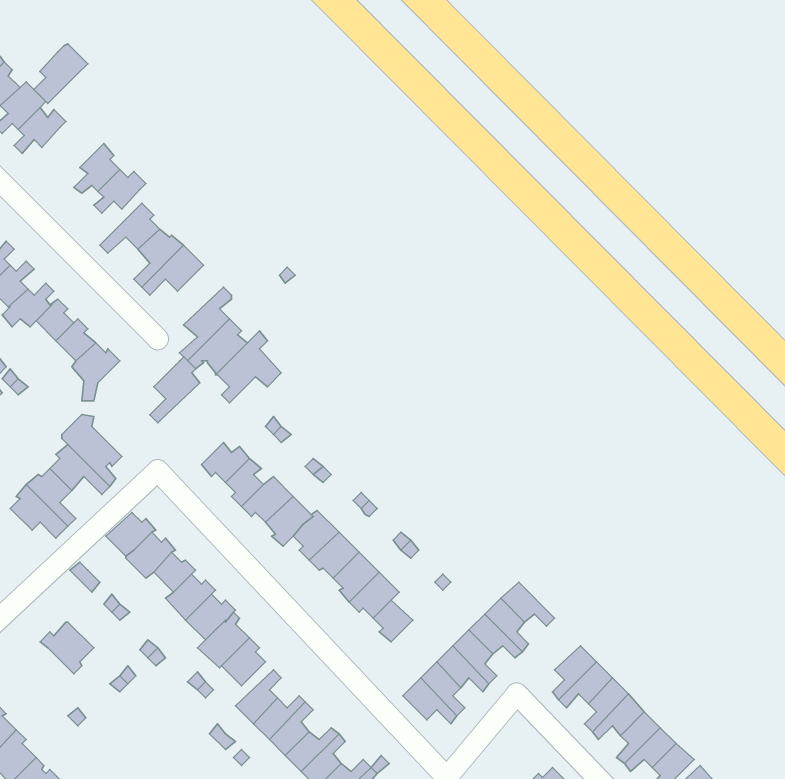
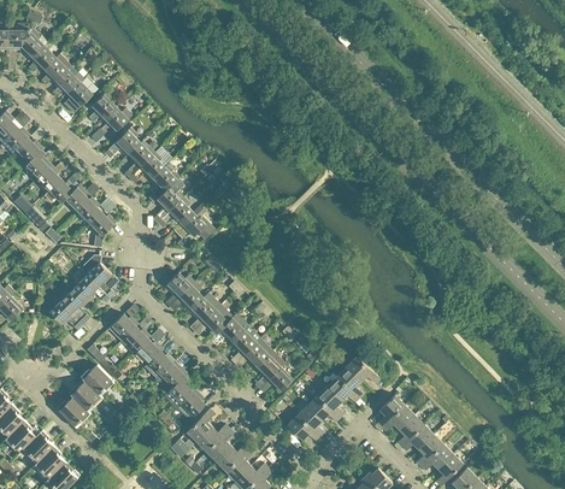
building: [34,44,88,104] -> [65,76,98,112]
building: [150,357,200,423] -> [148,161,178,201]
building: none -> [80,364,113,395]
building: none -> [55,395,89,428]

